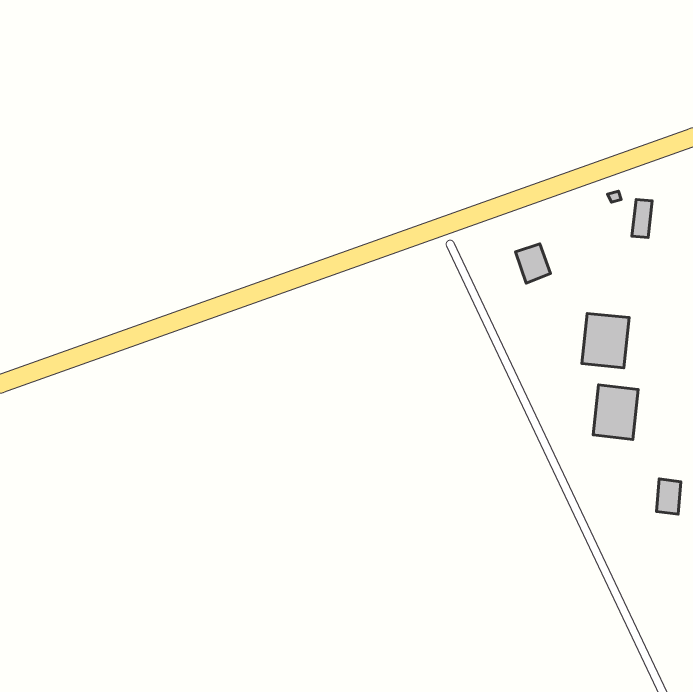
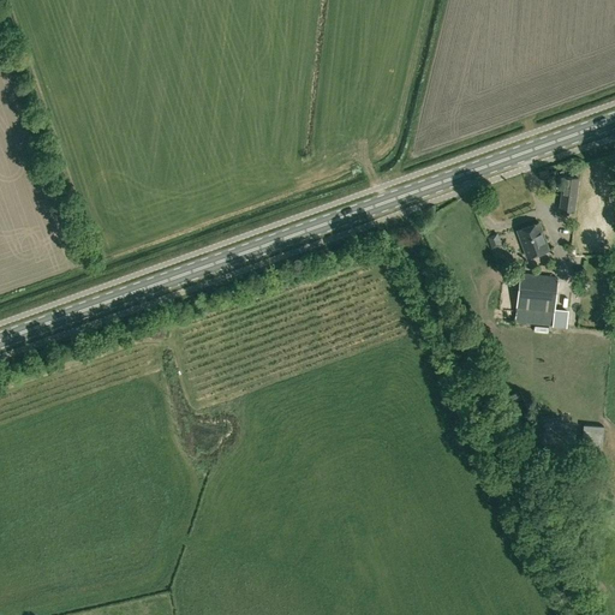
building: [515,244,551,283] -> [518,223,549,258]
building: [593,385,638,440] -> none

